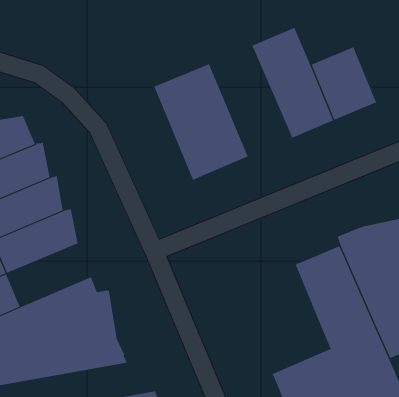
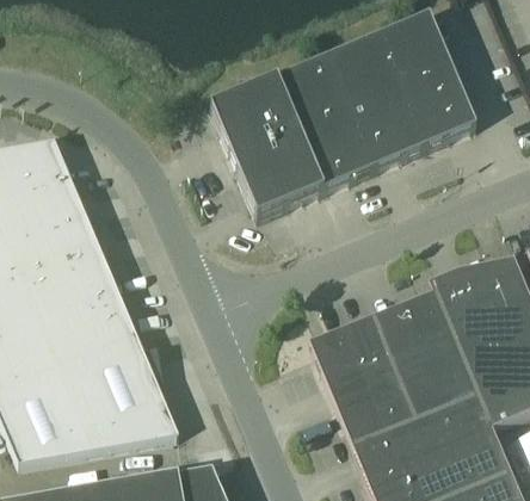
building: none -> [377,12,448,78]
building: none -> [276,55,374,187]
building: none -> [33,289,136,366]
building: none -> [308,316,419,446]

